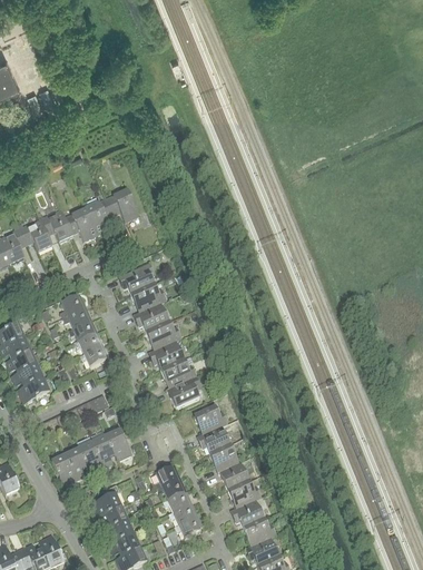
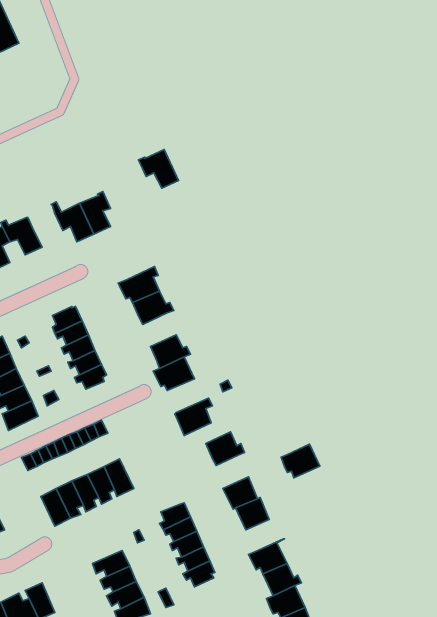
building: [105,189,139,223] -> [138,149,178,188]
building: [37,210,72,243] -> none
building: [134,303,168,332] -> none
building: [160,360,196,389] -> none
building: [197,425,230,454] -> [281,444,320,478]
building: [228,481,260,509] -> none
building: [89,485,121,519] -> none

